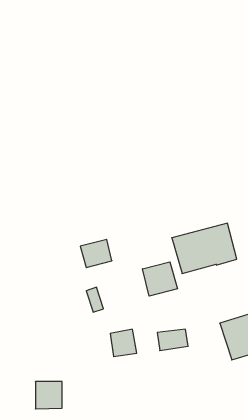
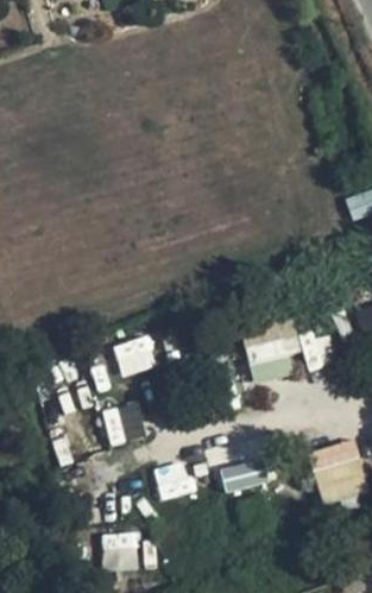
building: [143,262,177,296] -> none
building: [35,382,62,409] -> [101,532,138,570]

